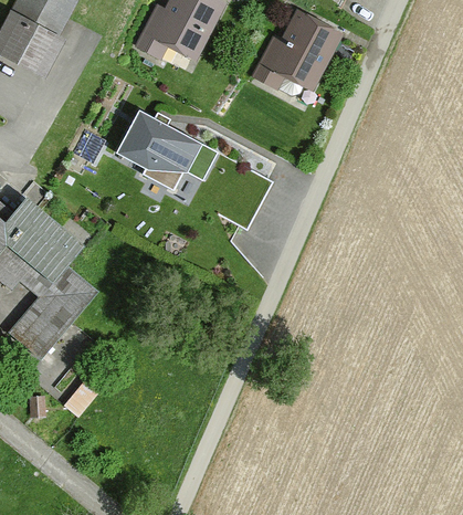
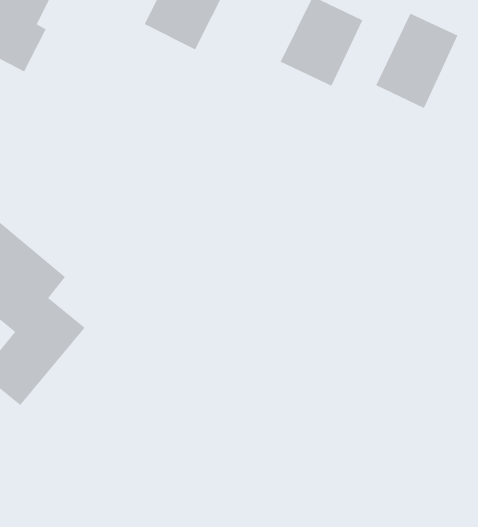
building: none -> [376,13,458,109]
building: [113,104,200,189] -> none

